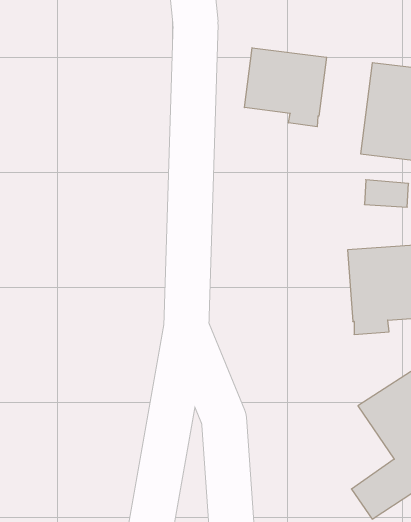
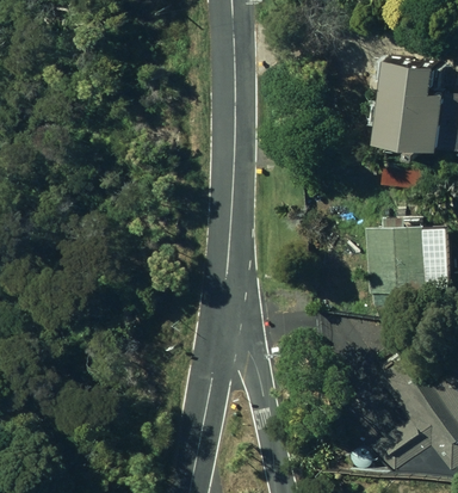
building: [244,48,327,127] -> none

